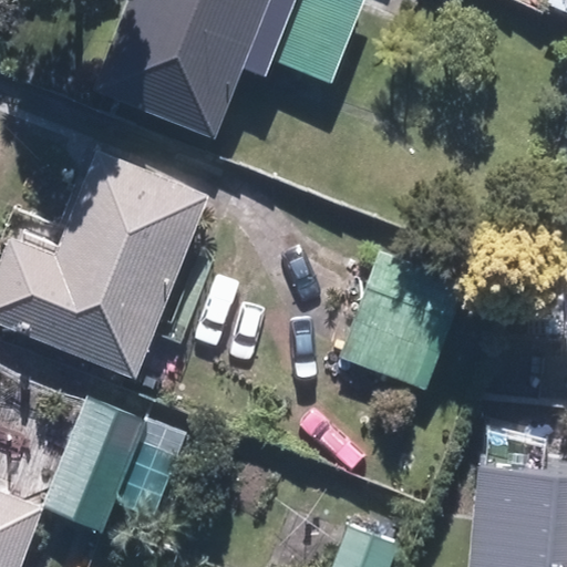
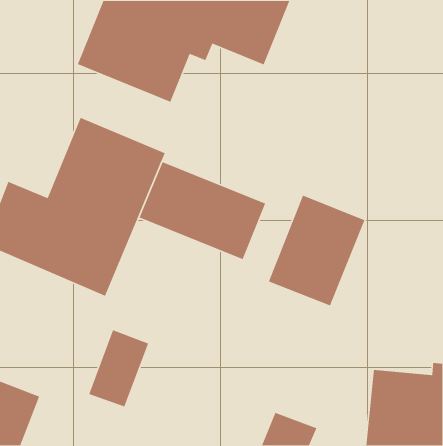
building: none -> [139,161,266,260]
building: [42,395,143,532] -> none

